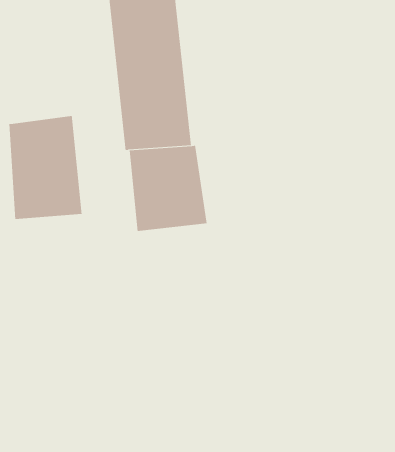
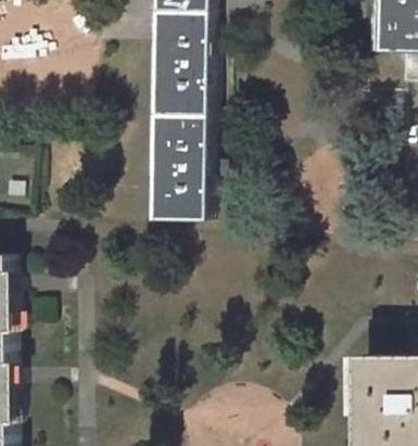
building: [9,115,82,220] -> none

